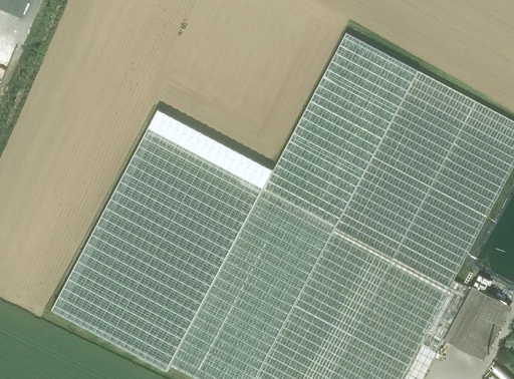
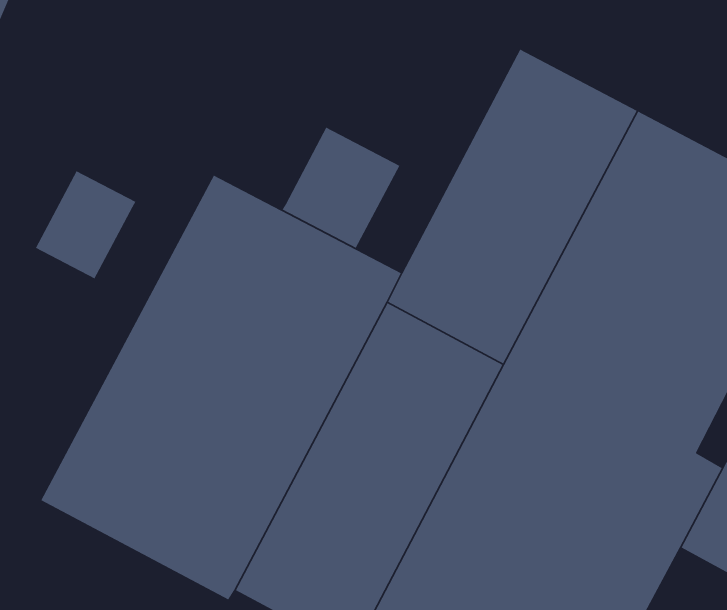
building: none -> [282,126,400,249]
building: none -> [35,170,136,280]

